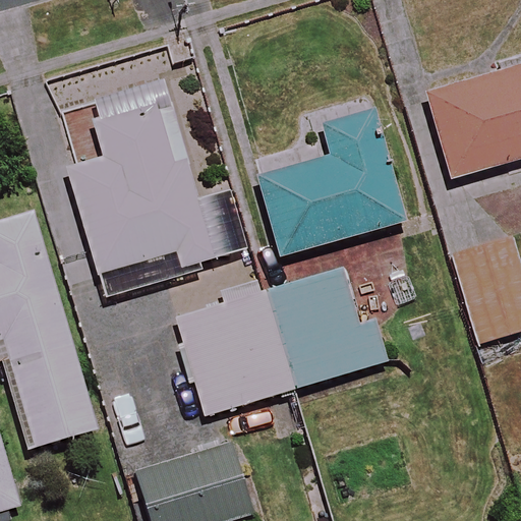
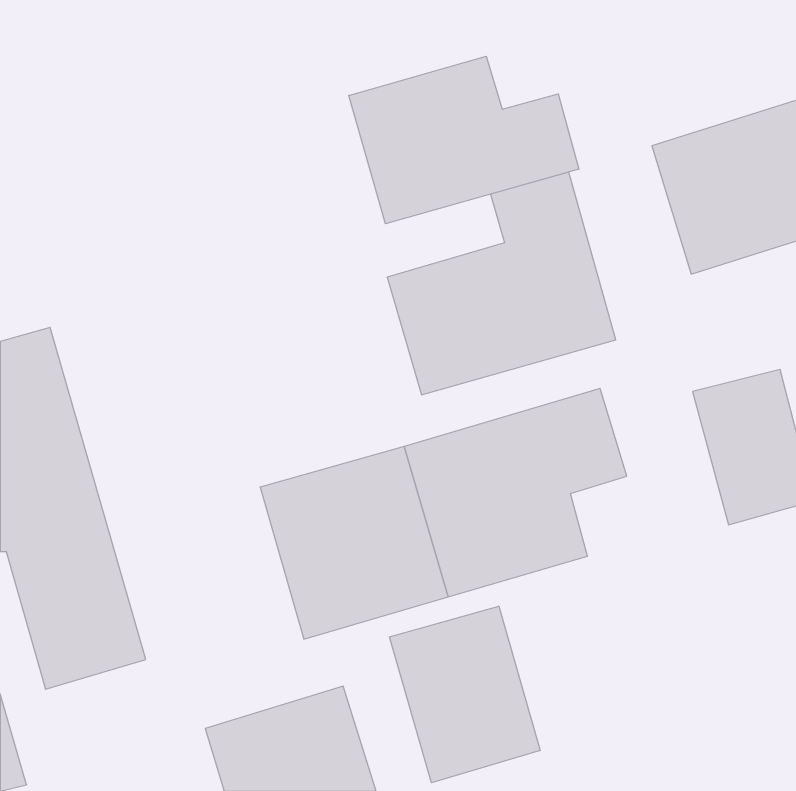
building: none -> [349,56,579,224]
building: [67,94,244,296] -> none
building: none -> [390,606,540,783]

